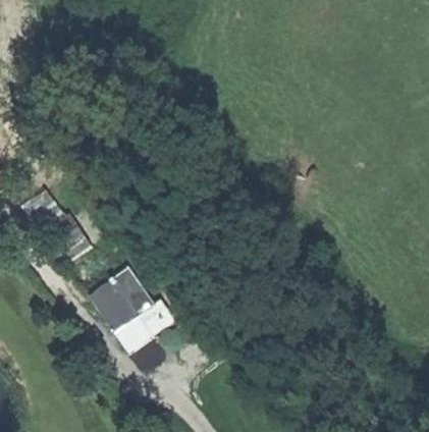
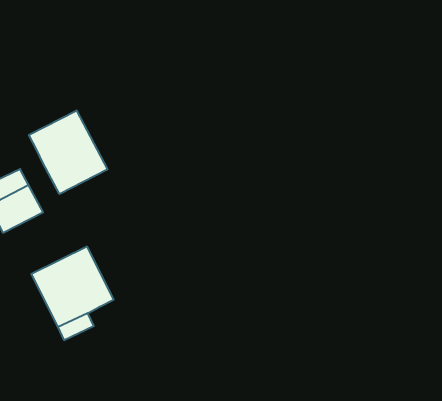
building: none -> [29,110,107,194]

